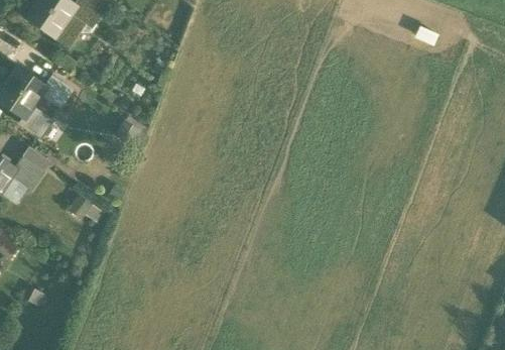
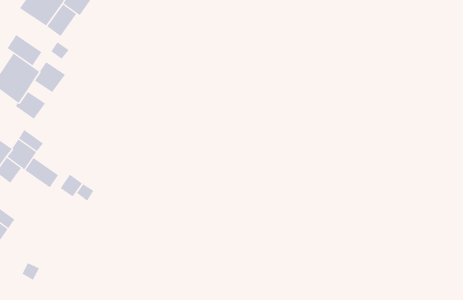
building: none -> [7,34,42,66]
building: none -> [25,157,59,188]

